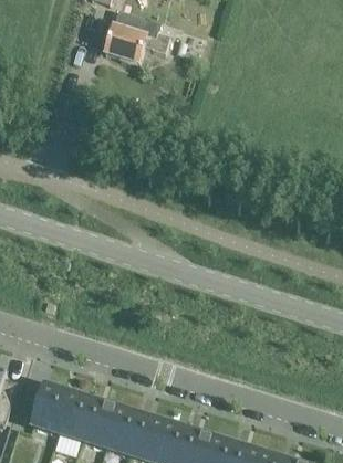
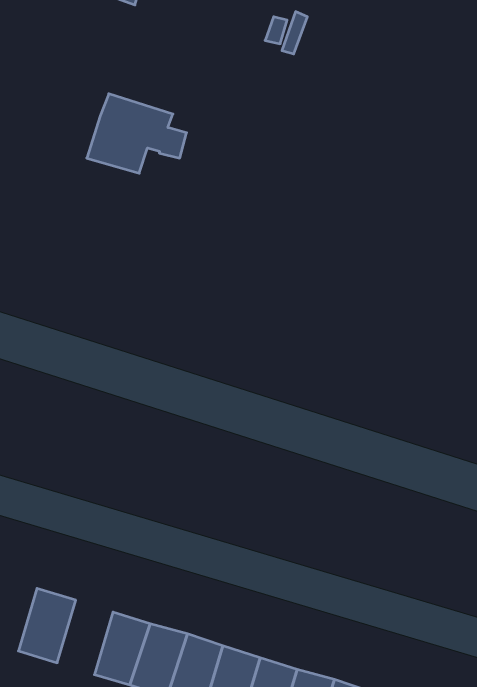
building: [104,10,169,62] -> [87,94,187,173]
building: [58,392,94,441] -> none

